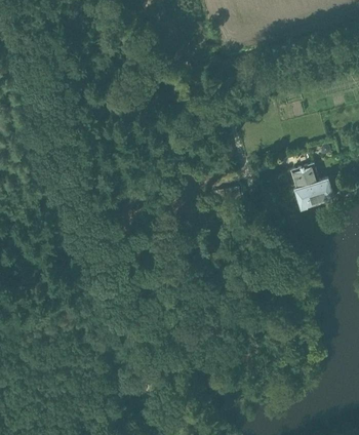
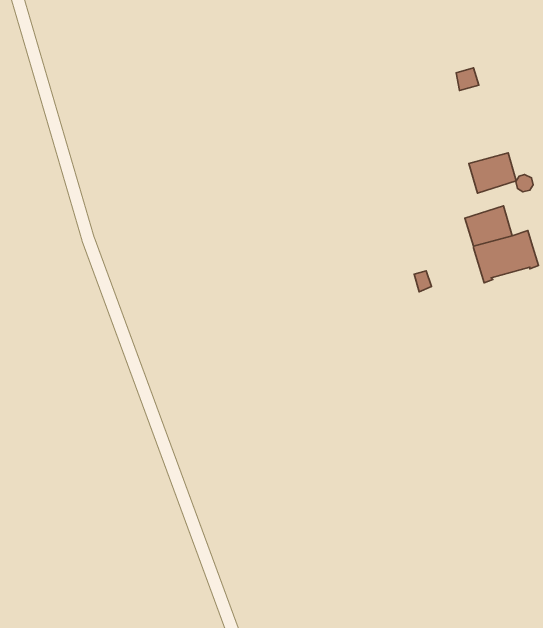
building: none -> [469,153,516,193]

